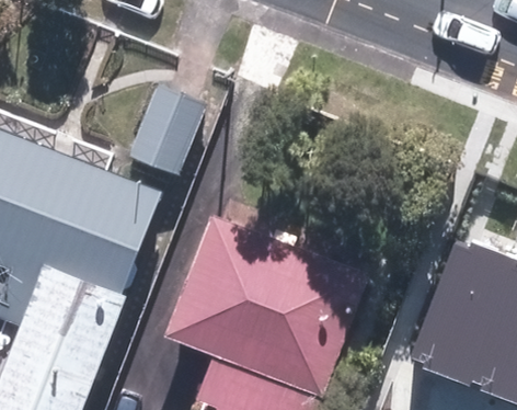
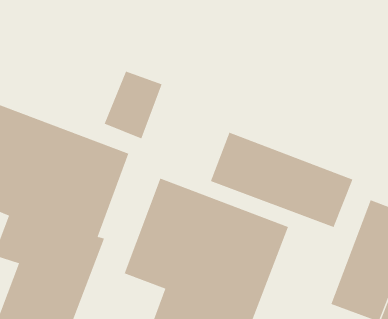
building: none -> [210,132,353,228]

